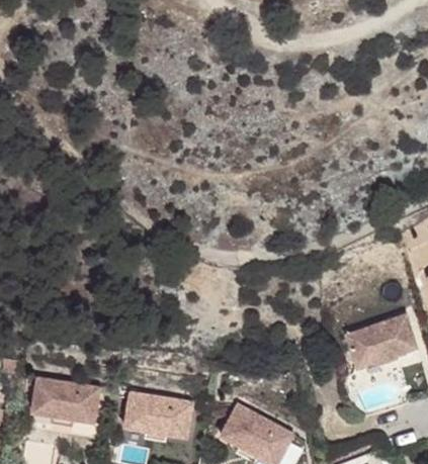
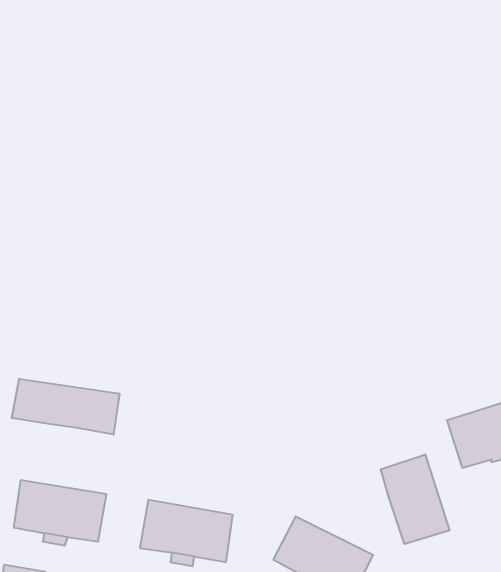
building: none -> [12,379,120,435]
building: none -> [381,454,449,544]

